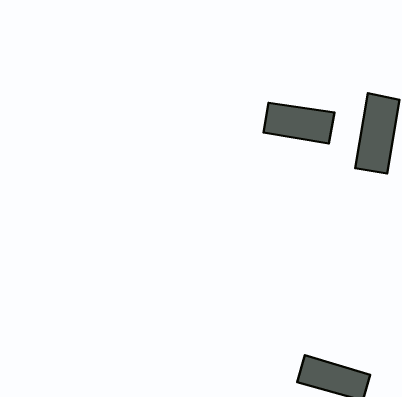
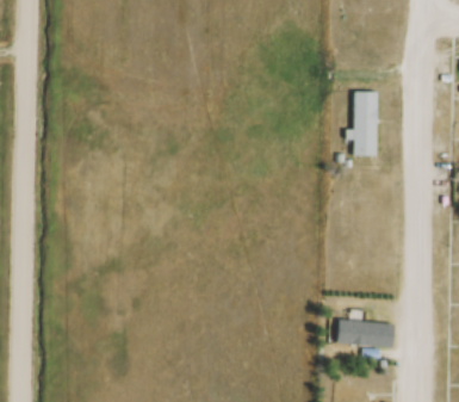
building: [264,103,334,144] -> none

